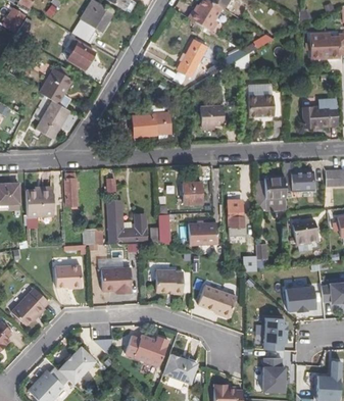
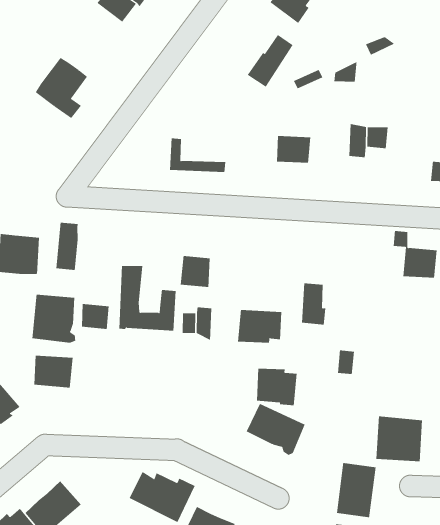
building: [66,40,94,69] -> none
building: [35,101,68,139] -> none
building: [138,111,168,129] -> none
building: [263,177,285,210] -> none
building: [182,184,201,203] -> [180,256,211,288]
building: [292,220,316,244] -> none
building: none -> [32,294,76,343]
building: [101,267,133,293] -> none
building: [156,267,183,291] -> [256,368,298,406]

